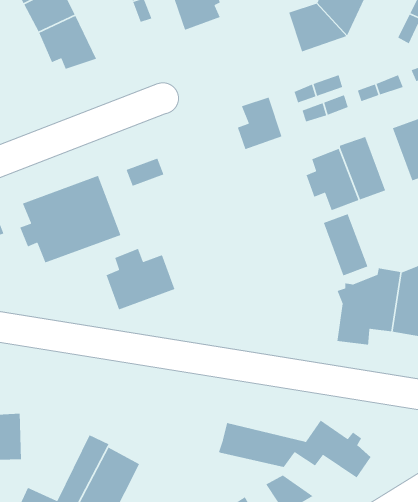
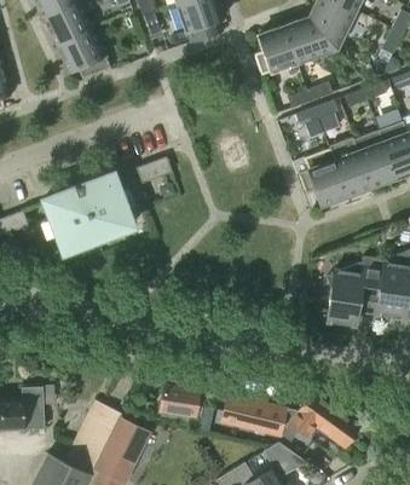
building: [237,96,283,150] -> [255,27,296,75]
building: [323,213,368,276] -> [354,131,395,187]
building: [106,248,176,310] -> none
building: none -> [161,386,204,420]

